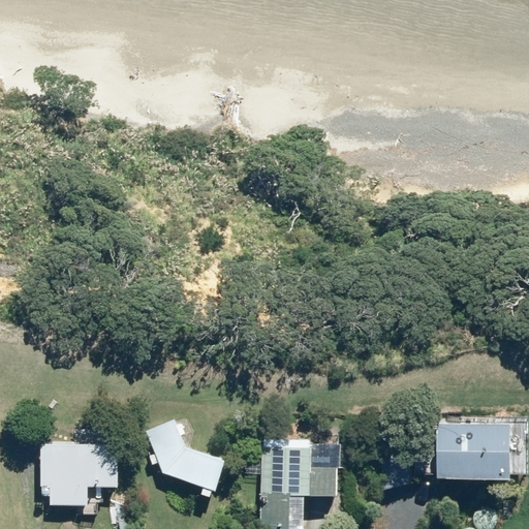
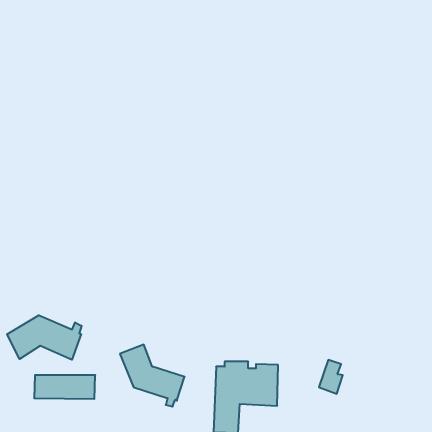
building: none -> [7,315,82,360]
building: [439,425,510,478] -> none

